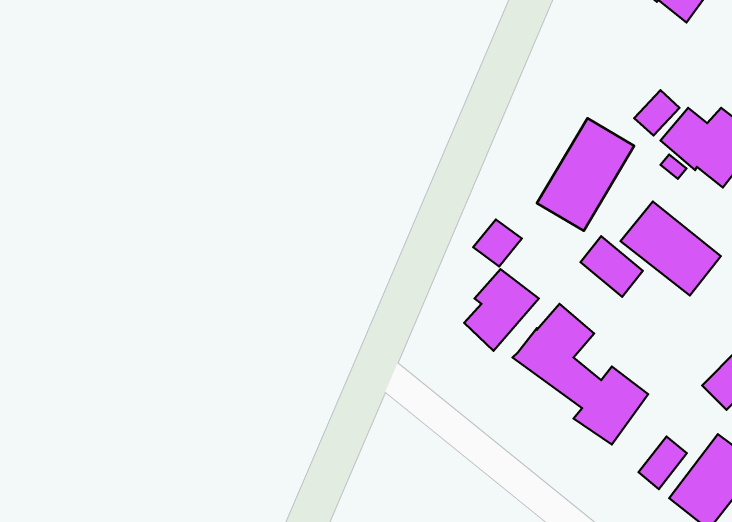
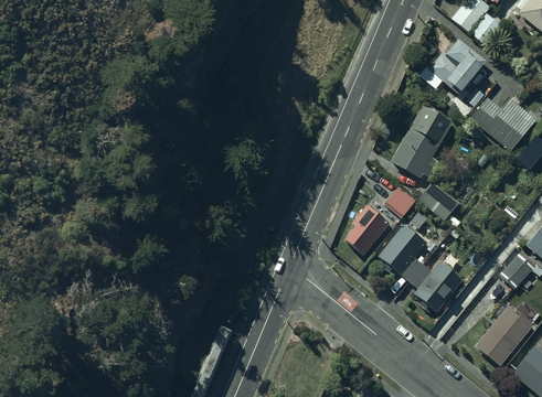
building: none -> [428,39,488,94]
building: [620,201,721,295] -> none
building: [473,219,522,266] -> [386,186,417,216]
building: [638,436,687,489] -> none

